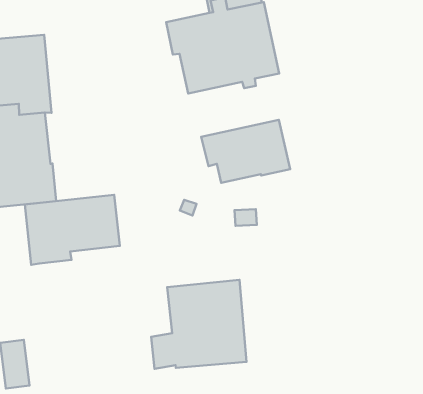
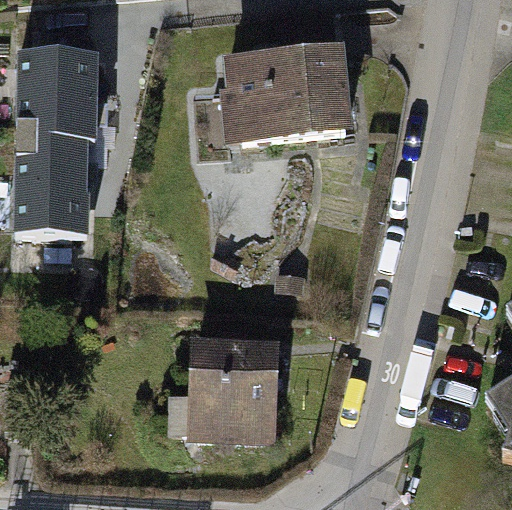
building: [201,120,290,183] -> none
building: [25,195,120,265] -> none

